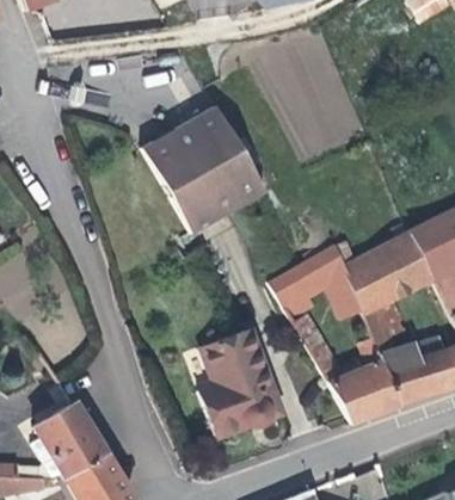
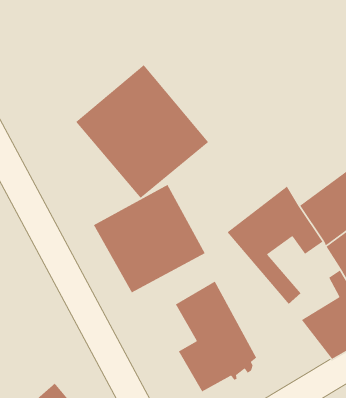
building: none -> [93,184,206,294]

